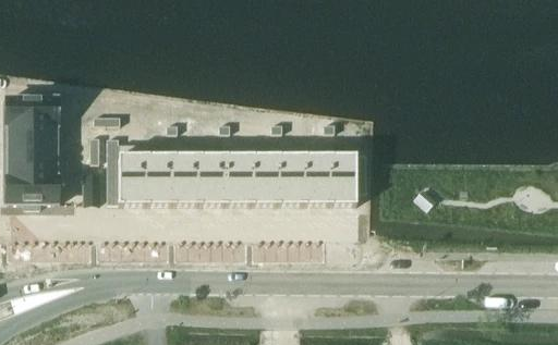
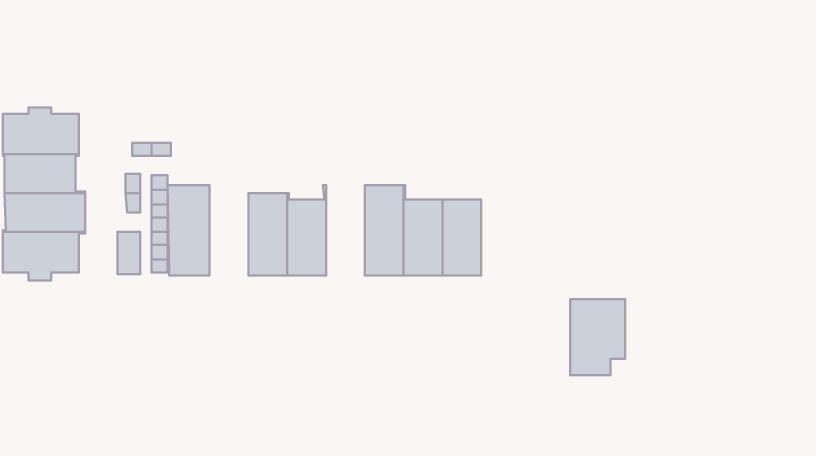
building: [146,143,172,204] -> none
building: [225,143,251,204] -> none
building: [329,152,366,204] -> [570,299,625,375]

